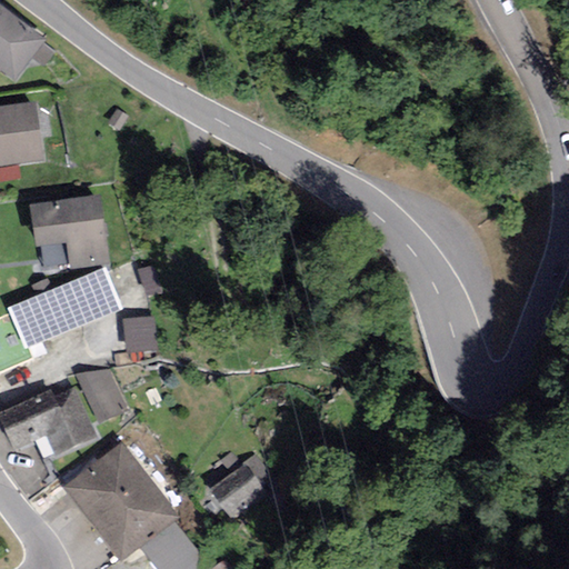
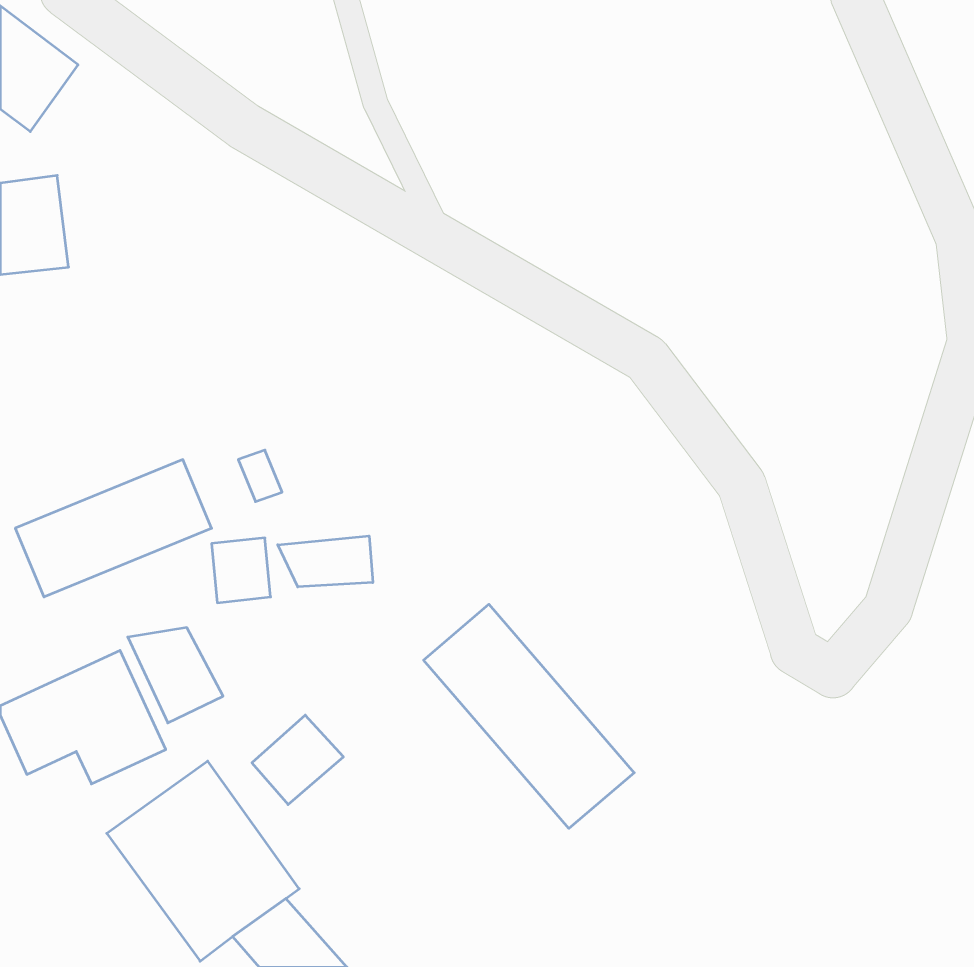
building: [30,198,103,266] -> none
building: none -> [278,536,373,587]
building: none -> [424,604,634,828]
building: [213,459,267,511] -> [252,715,343,805]

